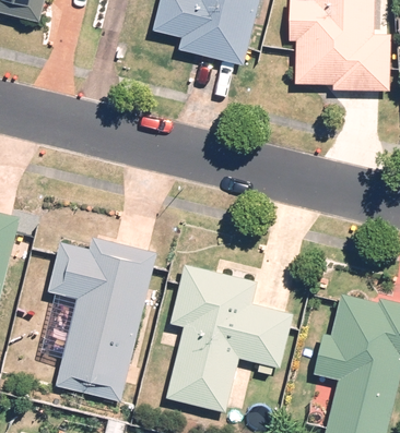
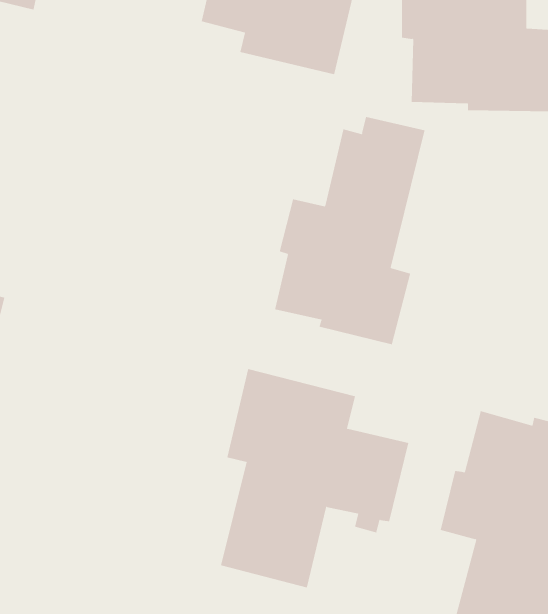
building: none -> [274,116,425,345]
building: [47,237,156,401] -> none

